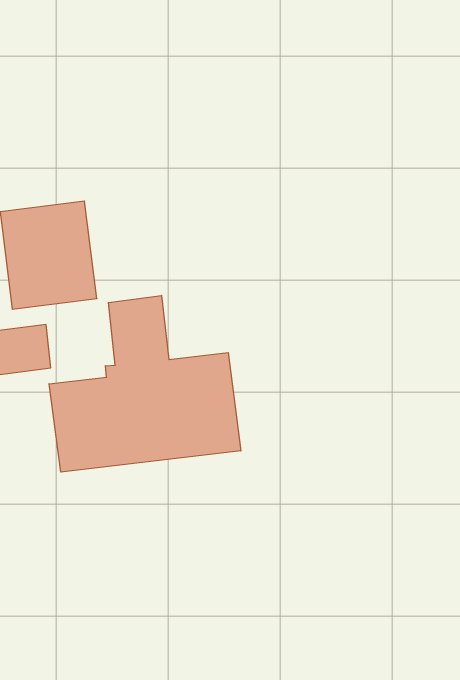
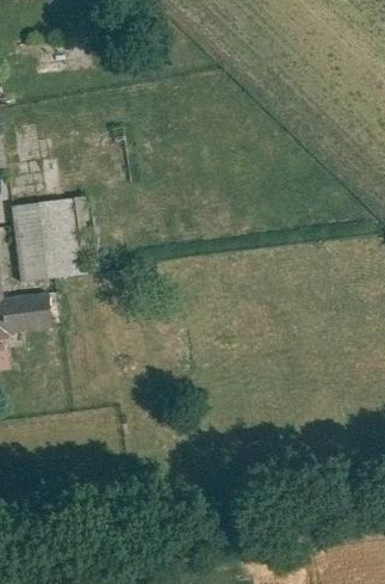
building: [49,295,241,472] -> none

